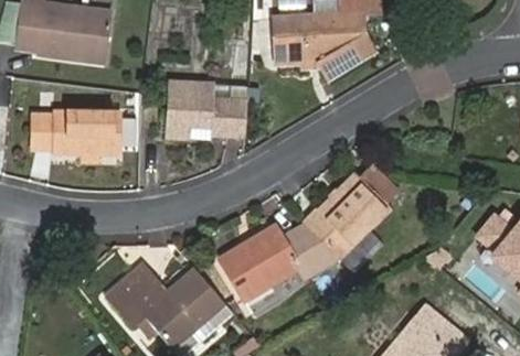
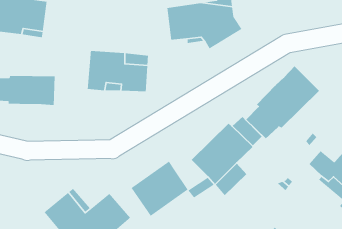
building: none -> [246,65,320,139]
building: [287,225,331,266] -> none

